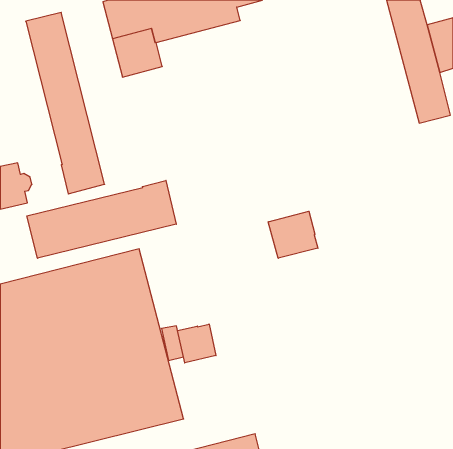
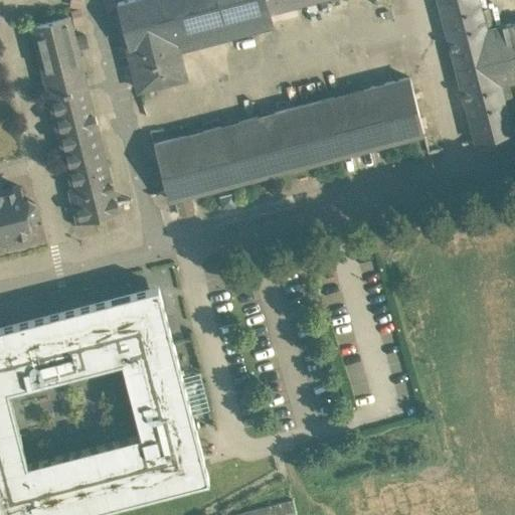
building: none -> [153,79,423,201]
building: [27,180,176,258] -> none
building: [268,211,318,258] -> none
building: [178,324,216,363] -> none

